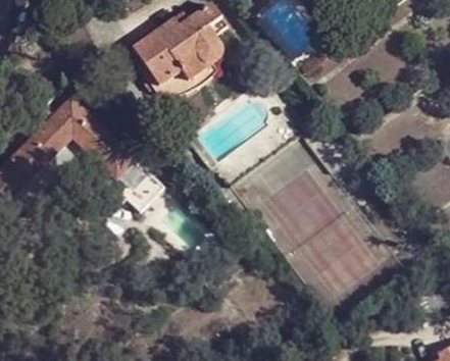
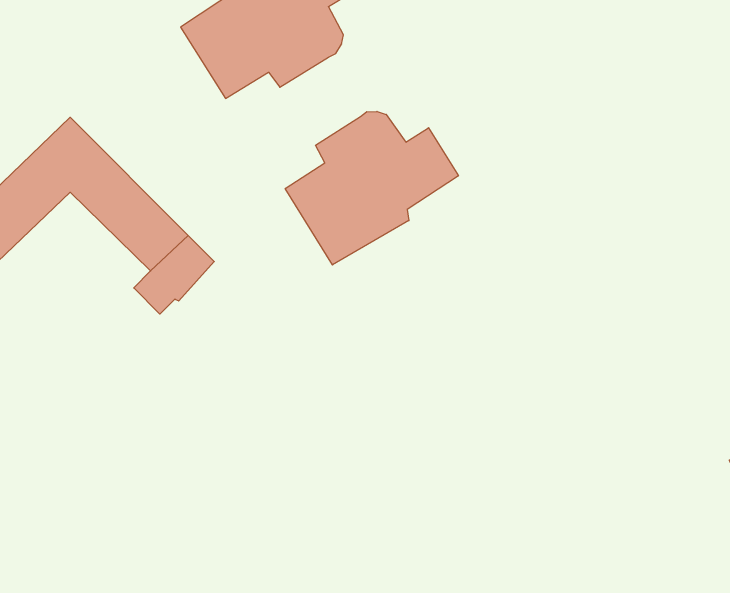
building: none -> [285,111,458,265]

